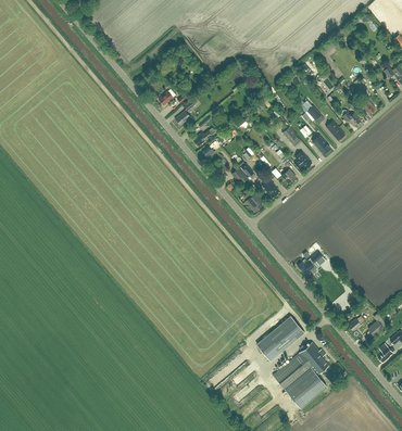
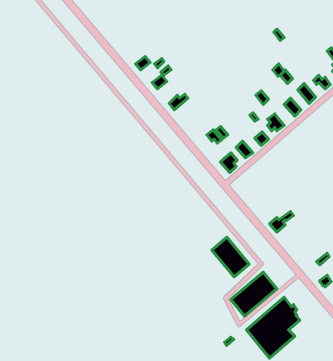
building: none -> [212,237,249,277]

